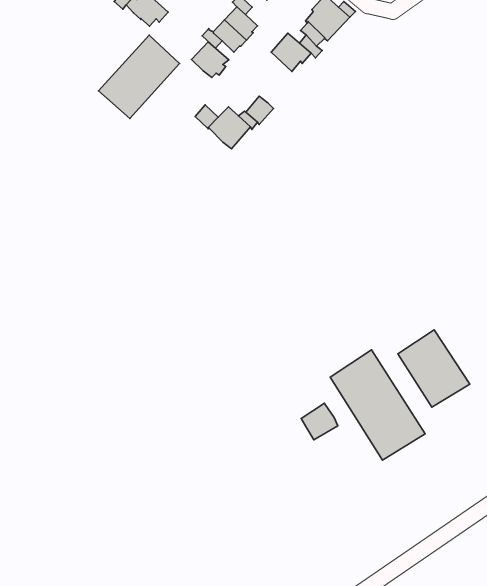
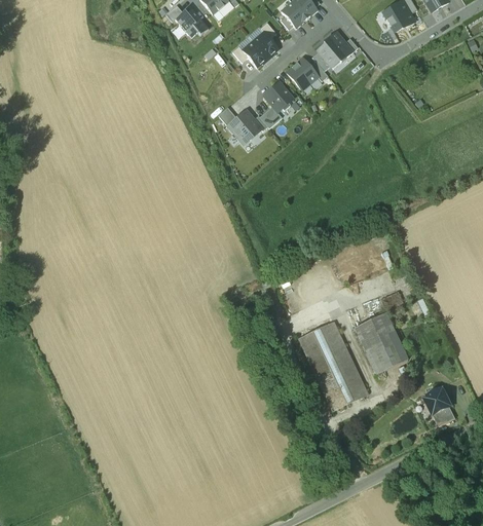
building: [99,35,179,119] -> none
building: [191,42,229,77] -> [263,82,293,111]
building: [301,403,338,440] -> none

